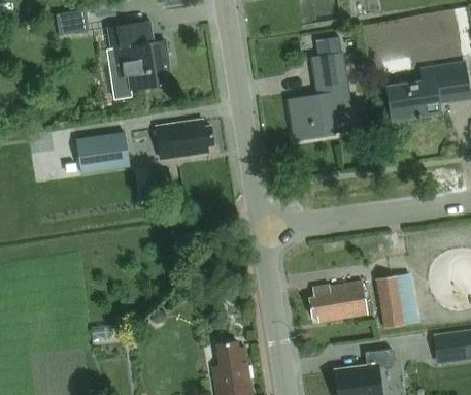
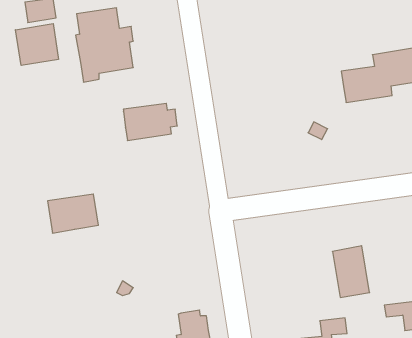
building: none -> [15,24,58,65]
building: [289,37,350,141] -> none
building: [75,134,129,175] -> [48,194,98,233]
building: [309,281,368,321] -> none

